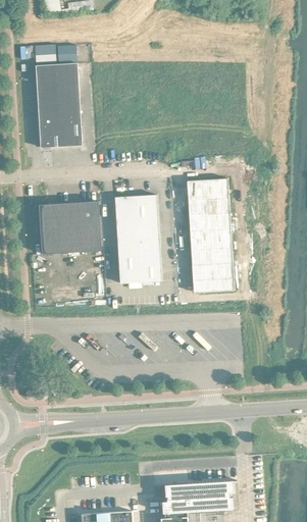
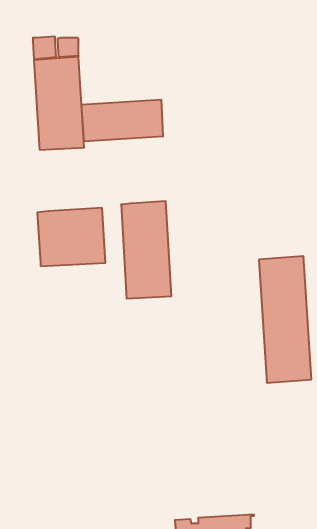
building: none -> [82,100,163,141]
building: [187,178,235,294] -> [259,256,311,383]

